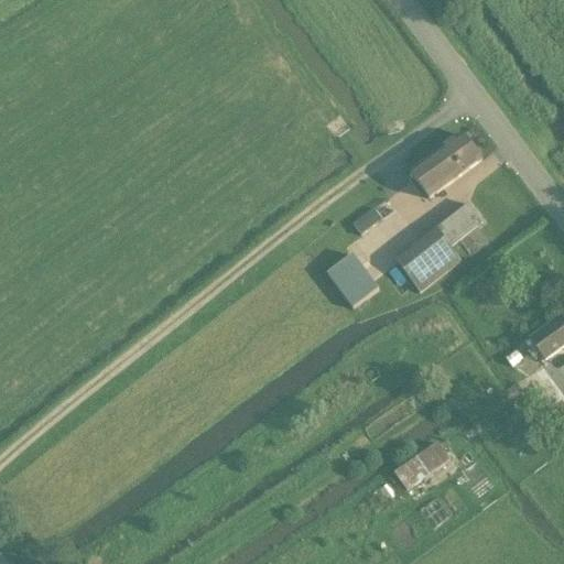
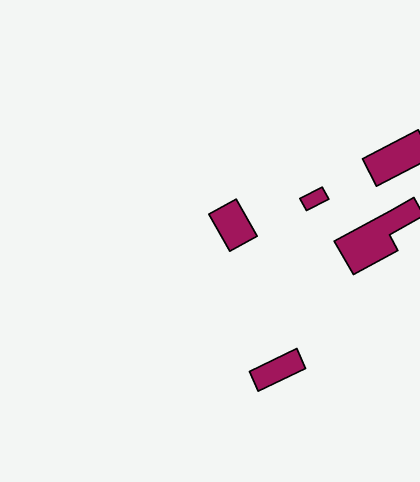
building: [326,253,379,307] -> [209,199,257,251]
building: [393,440,449,489] -> [250,349,305,391]

